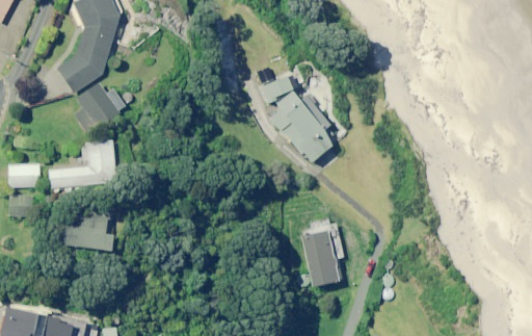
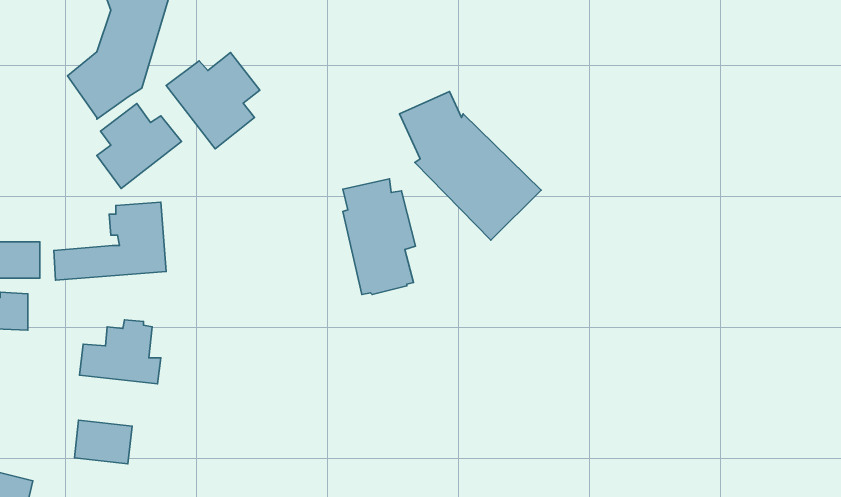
building: none -> [166,52,260,149]
building: [301,217,345,287] -> [343,179,415,295]
building: none -> [74,420,132,464]

